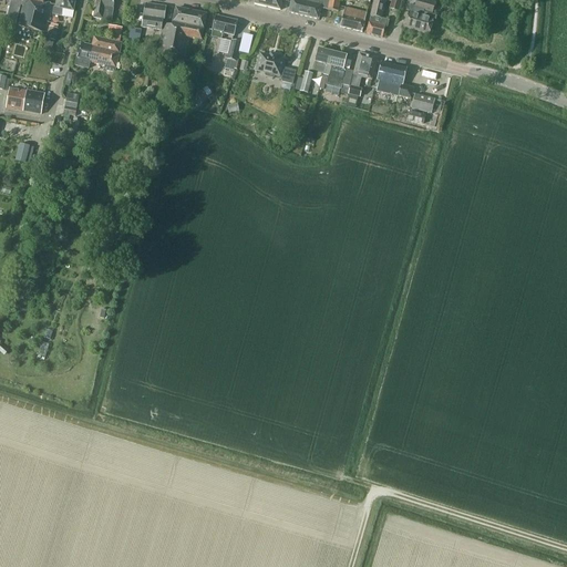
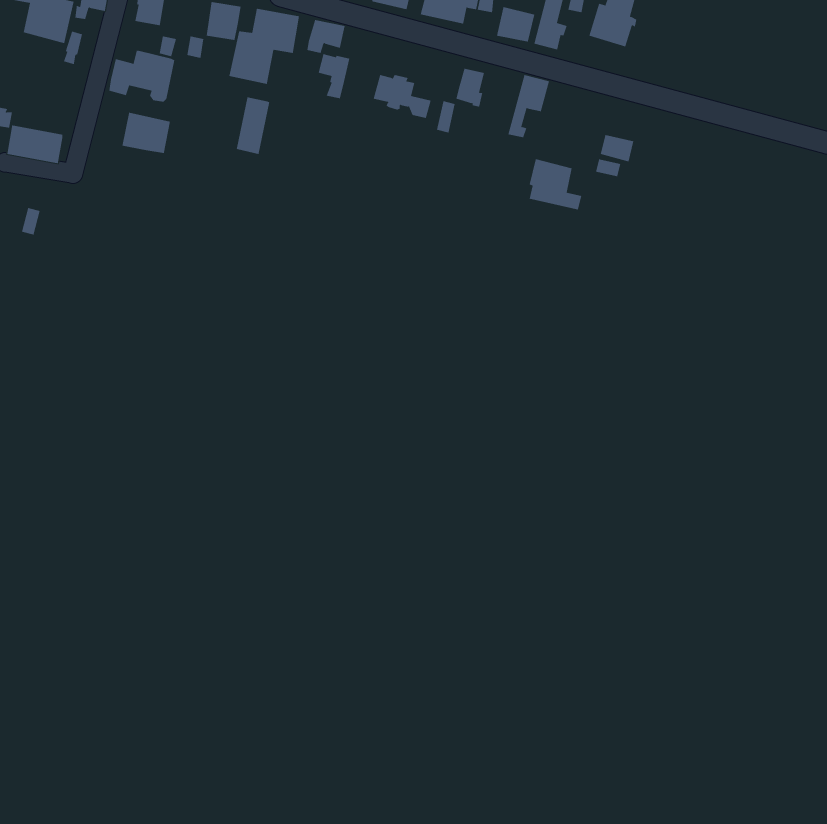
building: [326,50,352,86] -> none
building: [375,60,412,95] -> [529,158,582,210]
building: none -> [236,97,270,155]
building: none -> [122,112,171,154]

